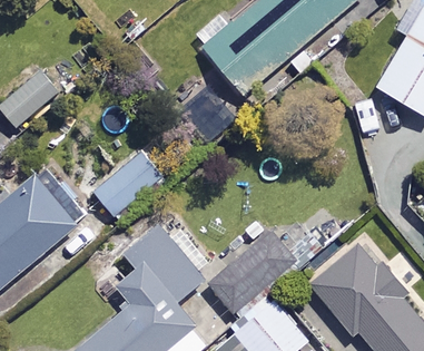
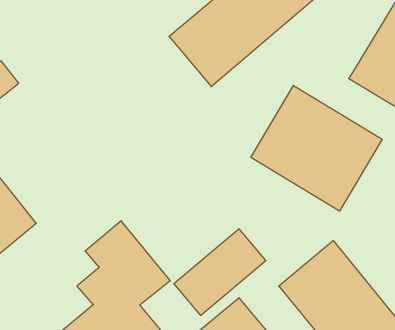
building: none -> [251,85,382,211]
building: [92,149,162,213] -> none

